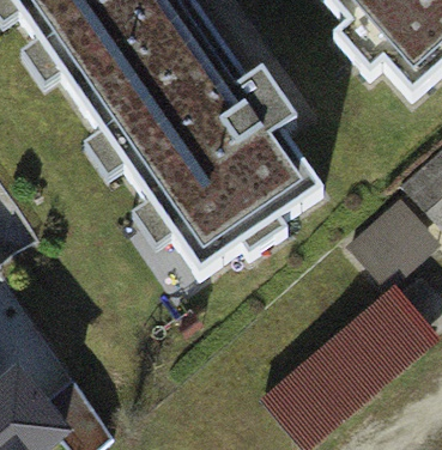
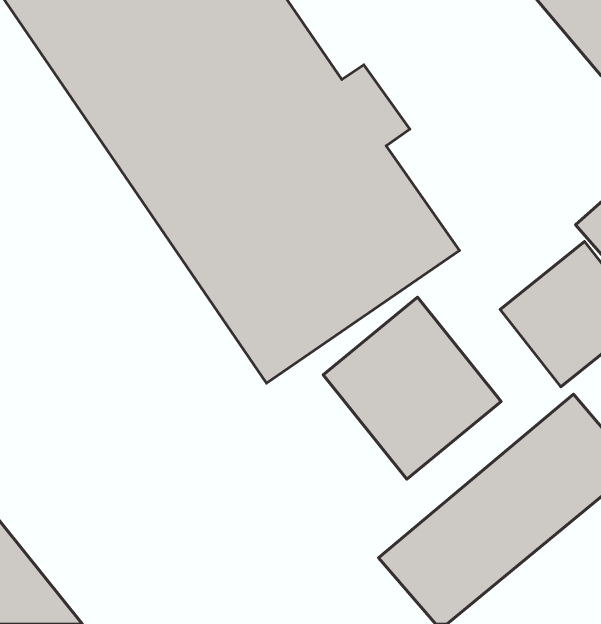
building: none -> [323,297,501,479]

